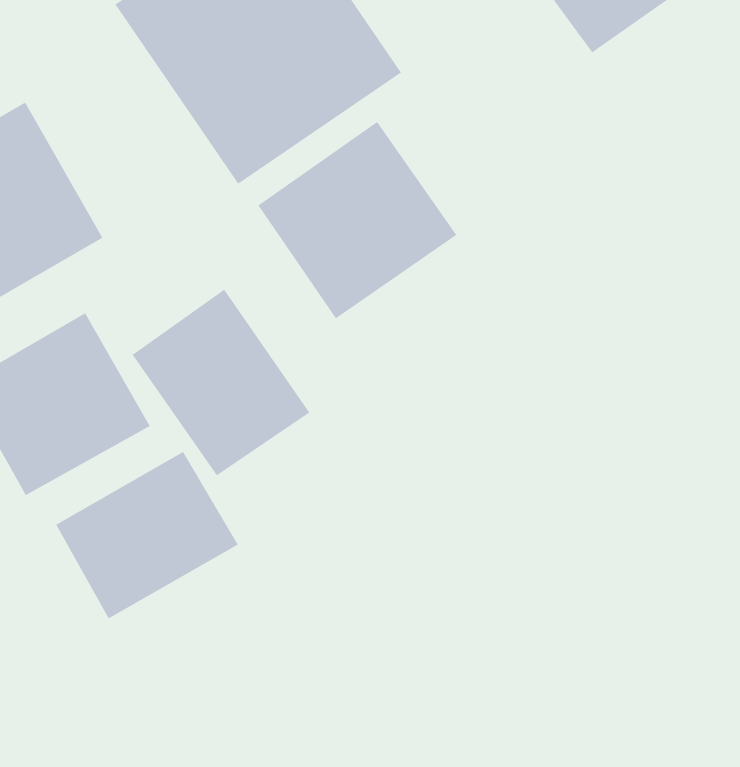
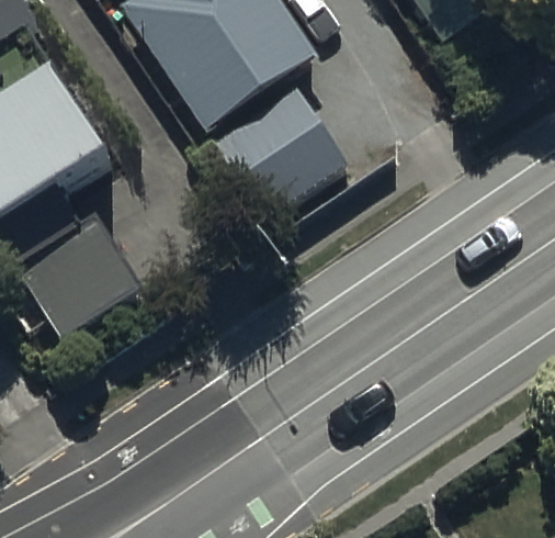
building: [132,289,310,476] -> none
building: [55,451,238,619] -> none

